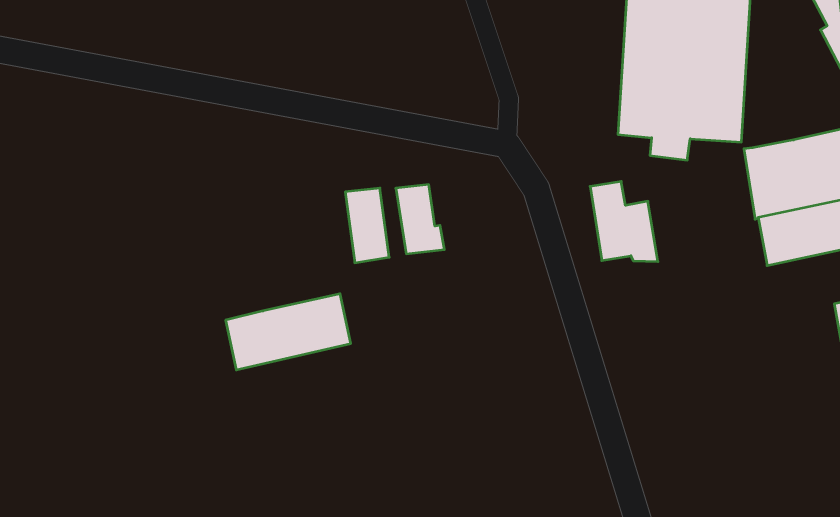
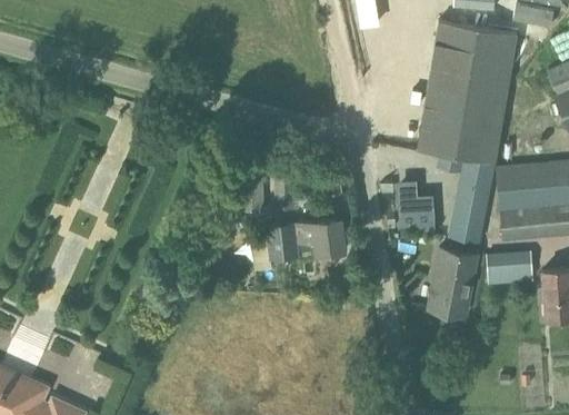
building: none -> [447,158,493,245]
building: none -> [488,251,532,285]
building: none -> [428,247,478,316]
building: [226,294,351,370] -> [268,218,346,259]

